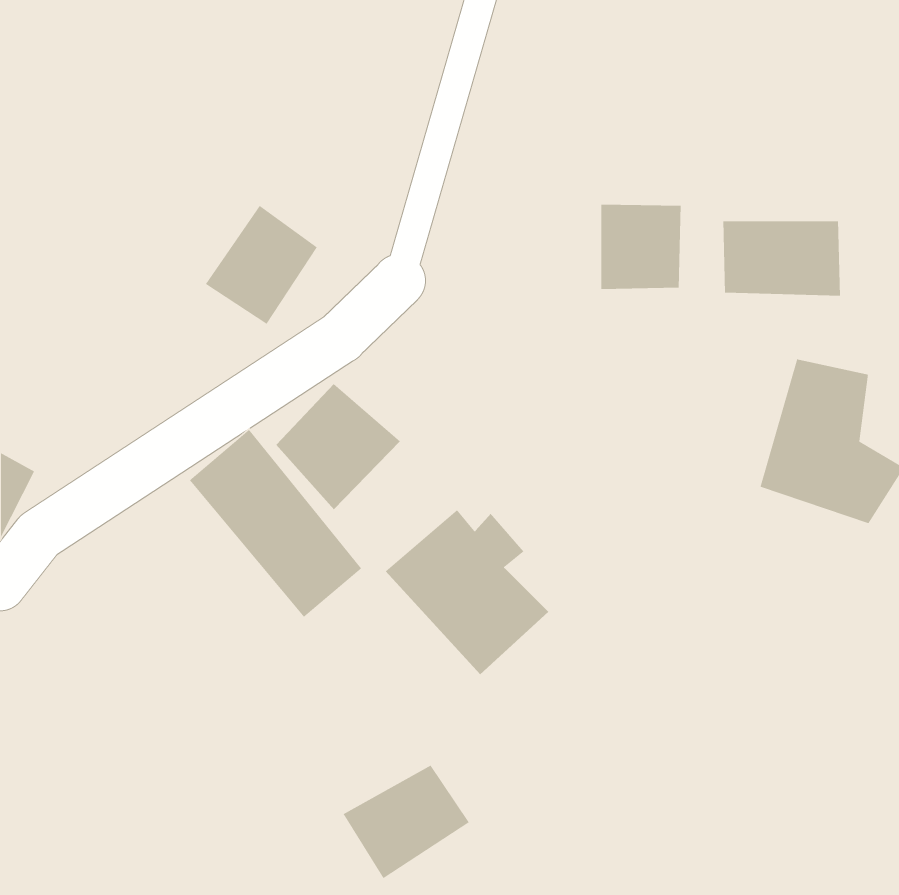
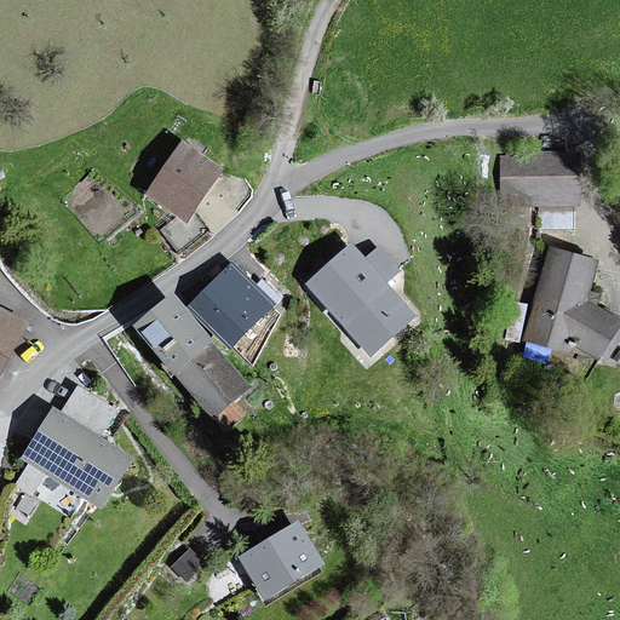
building: [600,204,682,290] -> none
building: [385,509,549,675] -> [305,241,418,355]
building: none -> [15,389,137,516]

